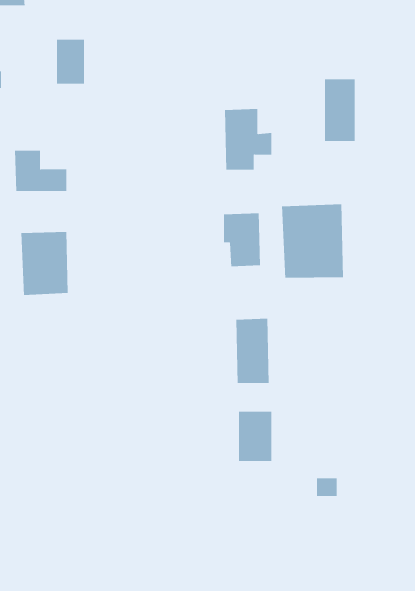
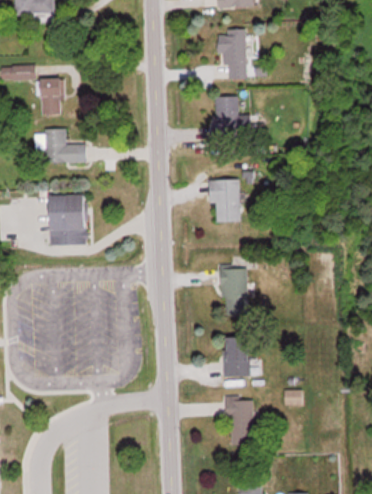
building: [56,39,85,84] -> [40,78,63,114]
building: [324,79,355,142] -> [221,29,246,79]
building: [281,204,344,278] -> none
building: none -> [227,396,252,445]

